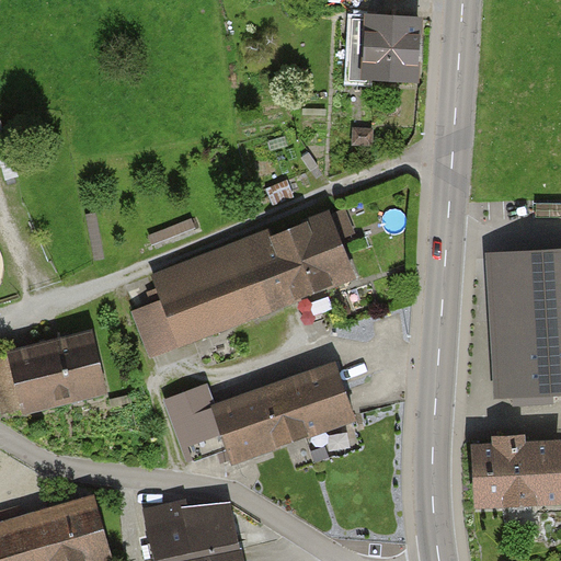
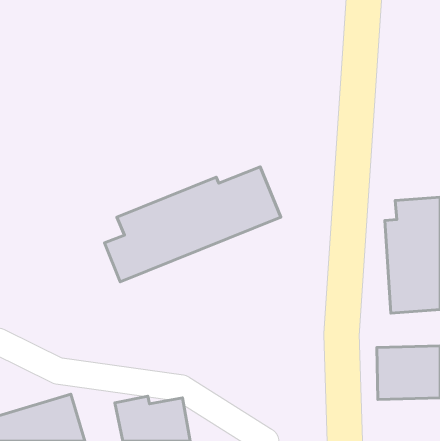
building: [363,18,421,83] -> none
building: [9,334,105,413] -> none
building: [167,362,356,466] -> none

